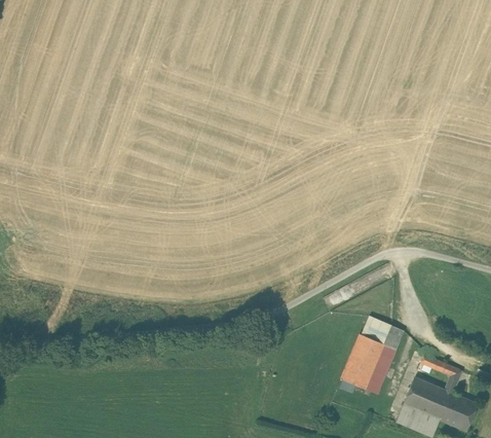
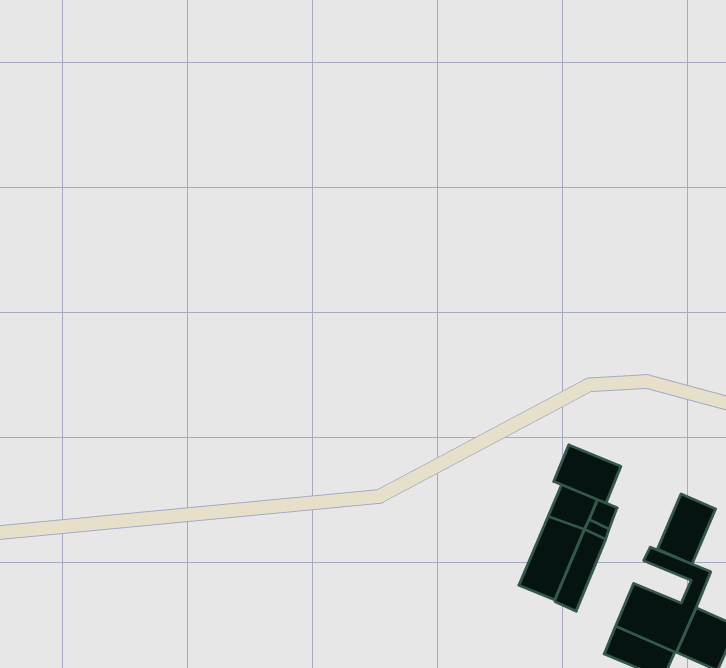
building: none -> [554,445,621,503]
building: none -> [657,494,716,564]

